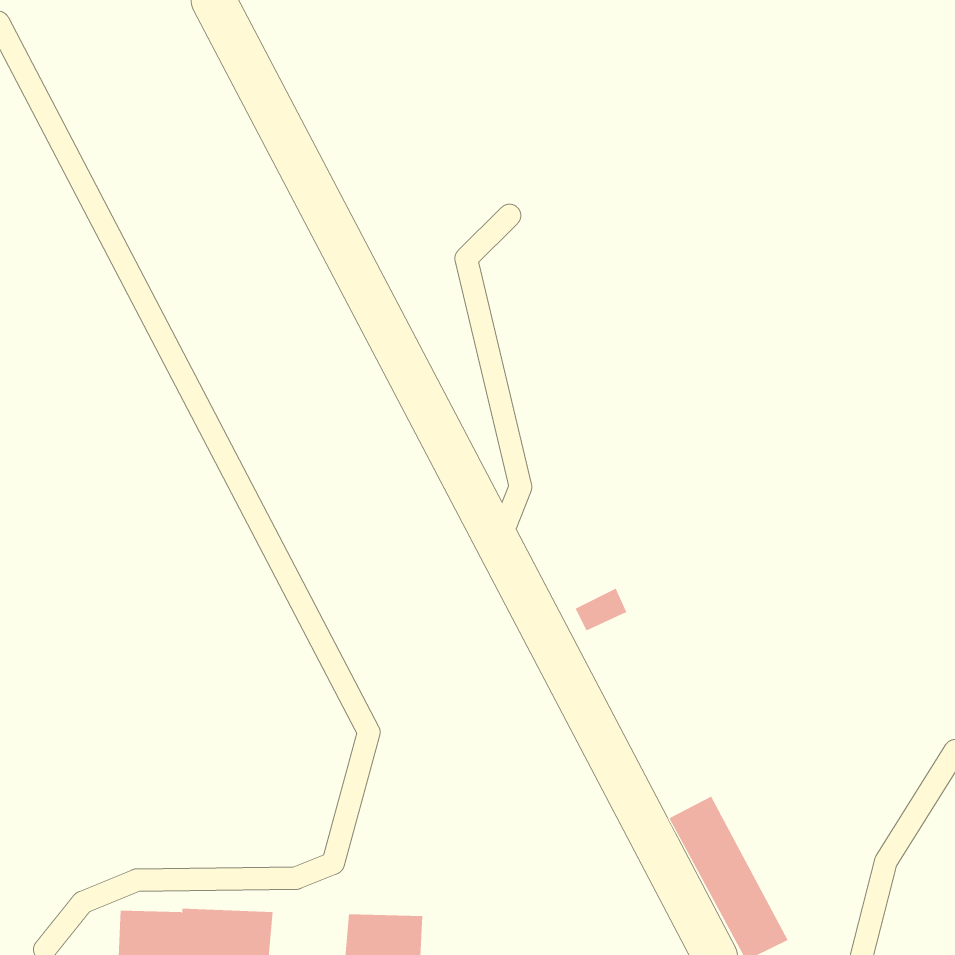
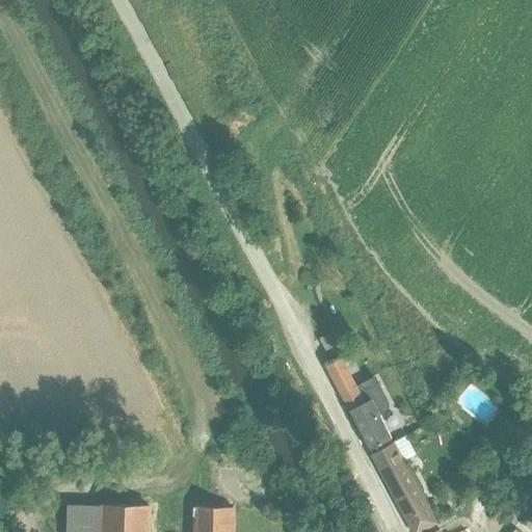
building: none -> [325,356,391,451]

